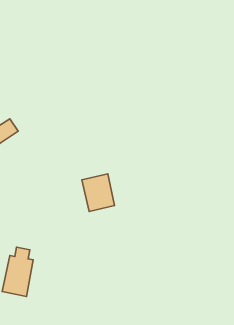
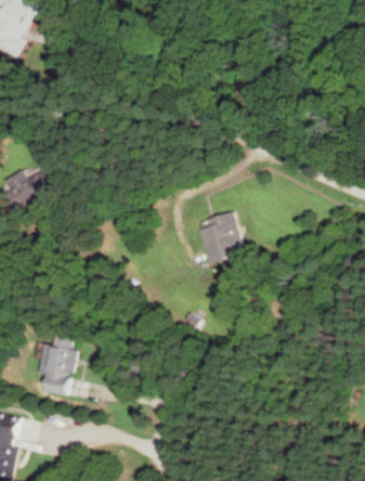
building: [82,174,114,211] -> [198,213,240,262]

